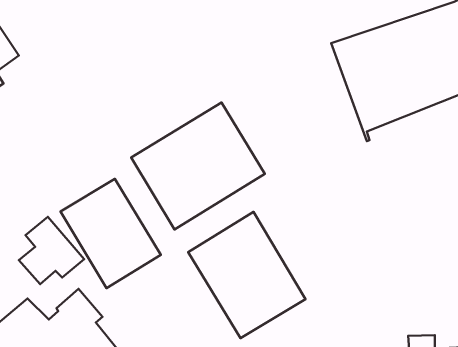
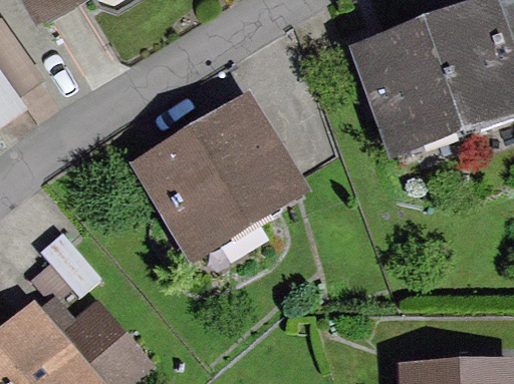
building: [61,179,161,288] -> none
building: [188,212,305,338] -> none

